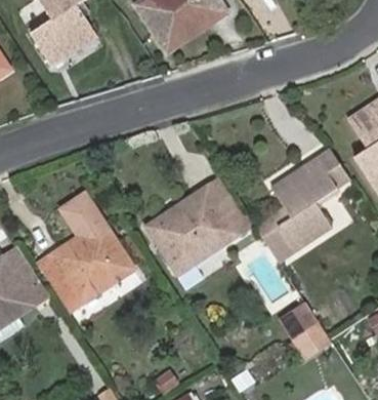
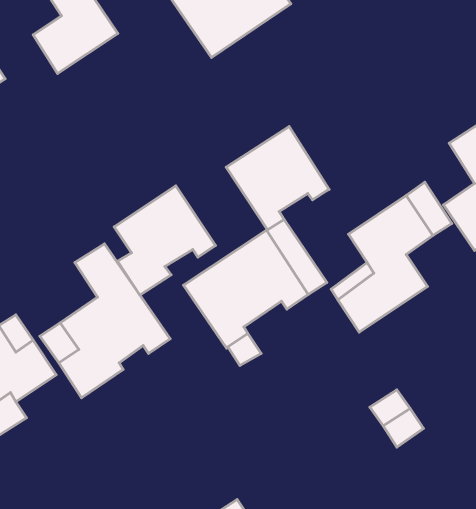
building: none -> [226,127,329,230]
building: none -> [114,186,215,295]

